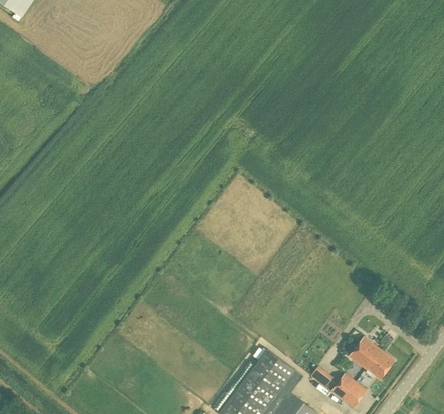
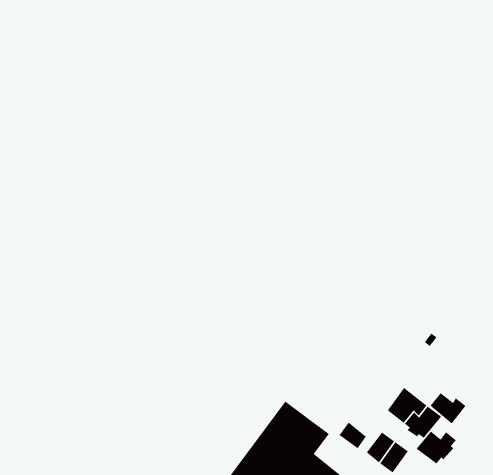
building: none -> [430,392,467,425]
building: none -> [415,430,457,465]

